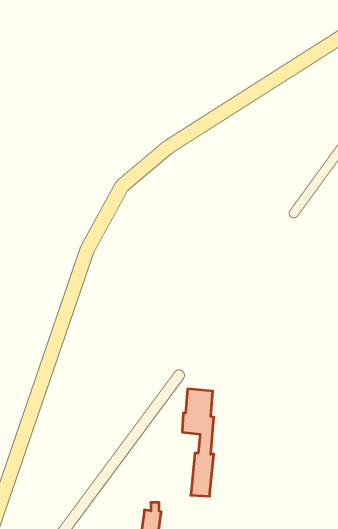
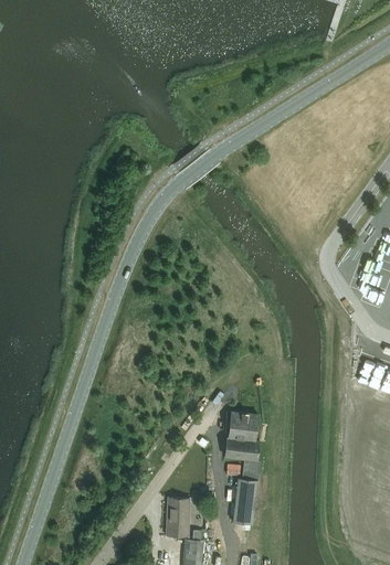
building: none -> [167,500,191,541]

